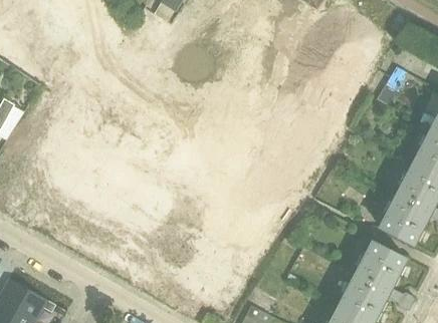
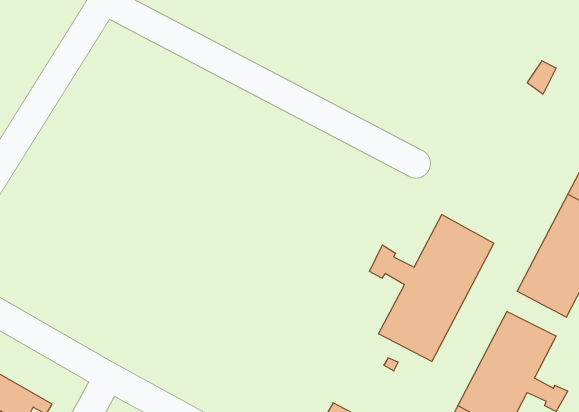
building: none -> [370,215,494,361]

